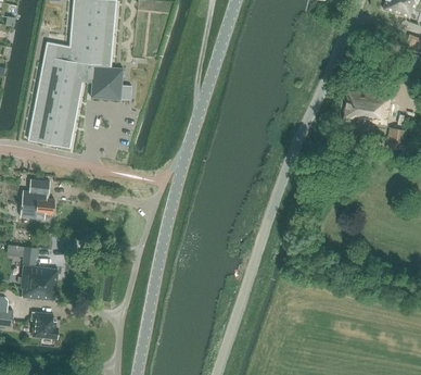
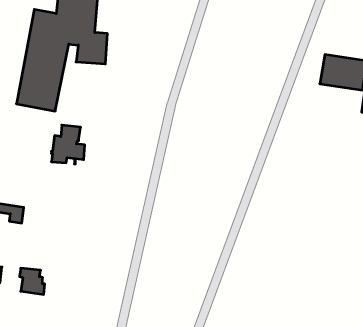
building: [20,178,54,218] -> [51,125,85,164]
building: [21,265,58,300] -> none

